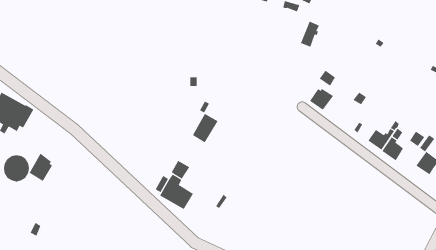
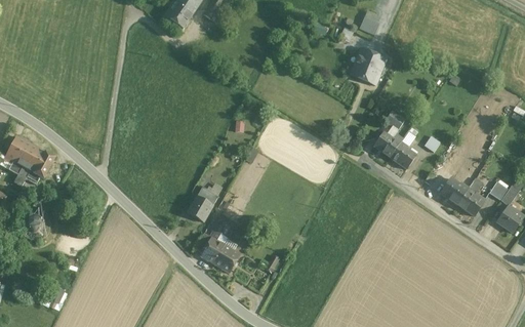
building: none -> [349,47,372,80]
building: none -> [389,133,415,169]
building: [192,113,219,143] -> [187,187,217,221]
building: [29,153,53,182] -> none

